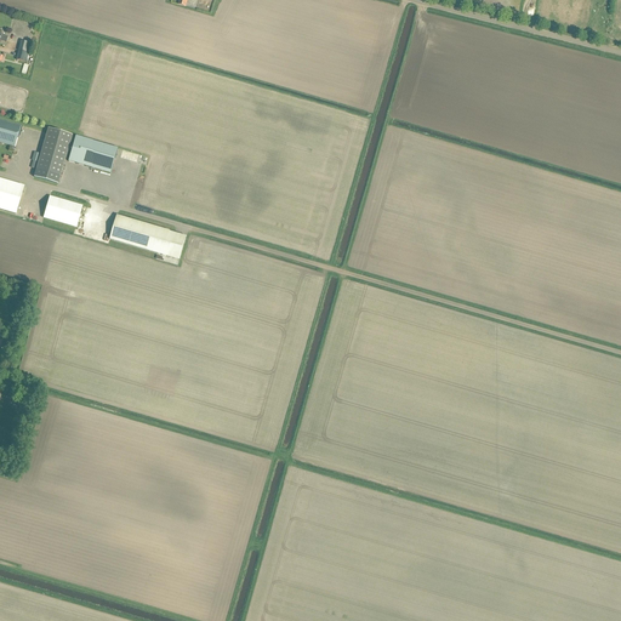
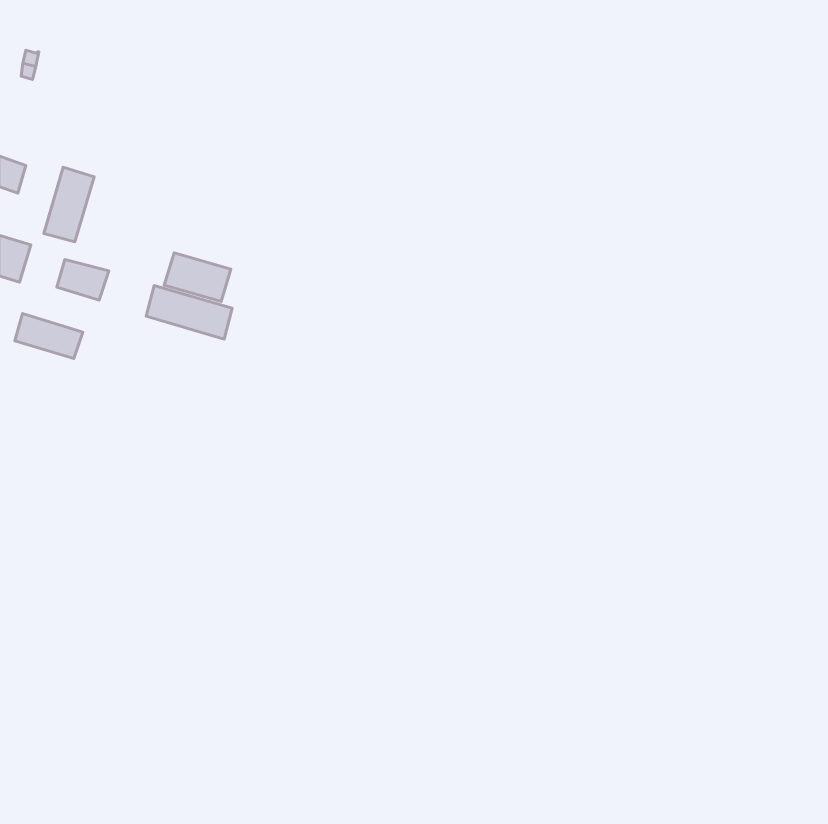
building: [67,135,116,171] -> [164,253,231,301]
building: none -> [15,314,83,358]

